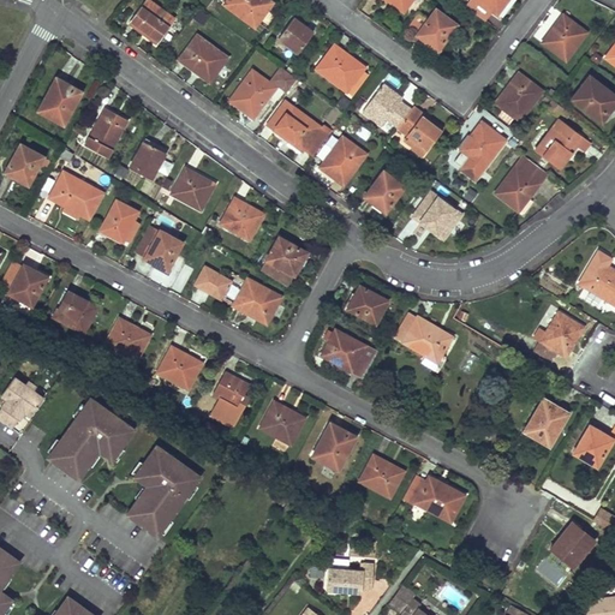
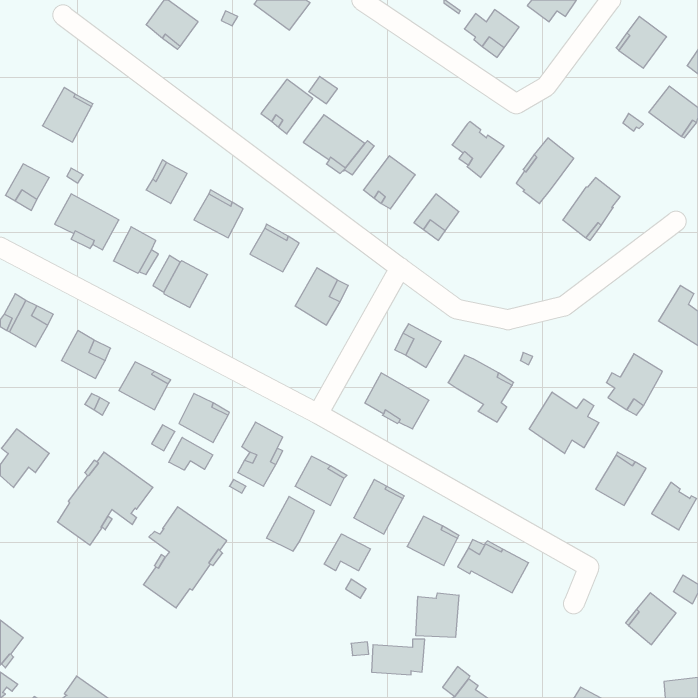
building: [279,18,314,52] -> none
building: [179,35,227,82] -> none
building: [316,44,368,95] -> none
building: [495,72,543,124] -> none
building: [362,83,411,127] -> none
building: [85,107,127,156] -> none
building: [535,119,583,167] -> none
building: [412,191,461,239] -> none
building: [195,267,229,298] -> none
building: [233,277,281,323] -> none
building: none -> [529,392,599,454]
building: none -> [169,437,213,470]
building: none -> [267,496,314,551]
building: none -> [324,534,370,571]
building: none -> [416,593,459,637]

